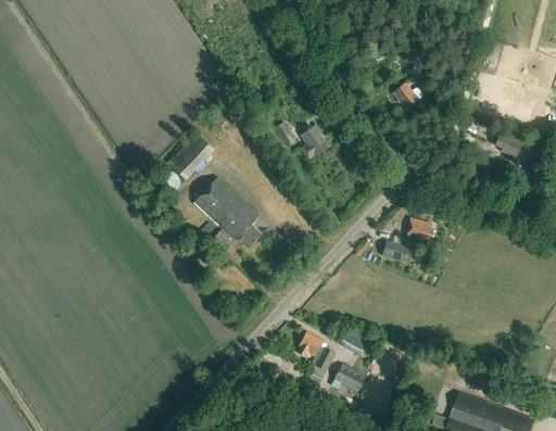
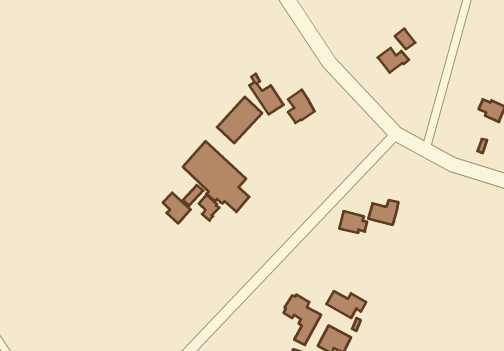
building: [167,131,213,178] -> [217,97,262,143]
building: [405,217,433,239] -> [339,211,367,233]
building: none -> [163,193,191,223]

